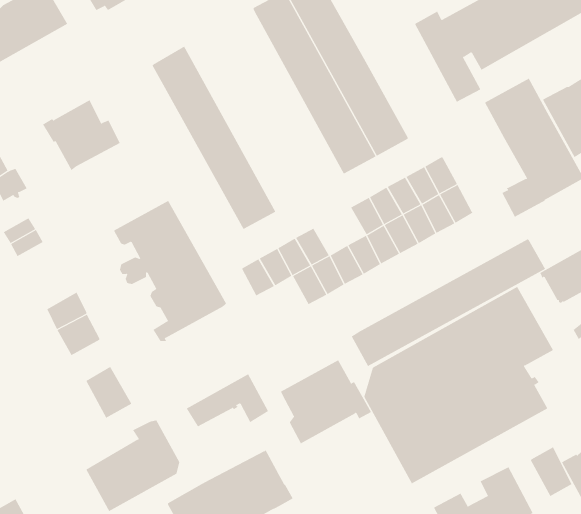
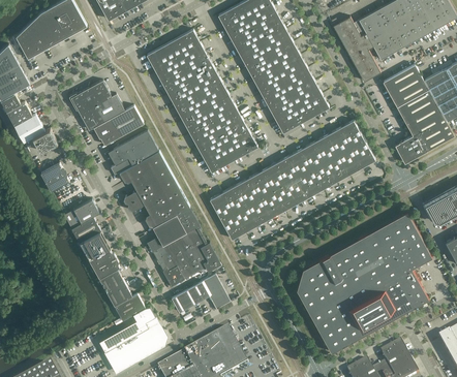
building: none -> [170,29,257,159]
building: none -> [93,105,144,145]
building: none -> [108,130,158,174]
building: none -> [262,156,299,190]
building: [351,238,546,367] -> none
building: none -> [63,199,99,228]
building: none -> [220,205,257,239]
building: none -> [89,250,119,279]
building: [280,360,372,444] -> [156,226,221,286]
building: none -> [114,293,145,320]
building: [530,446,572,497] -> none

